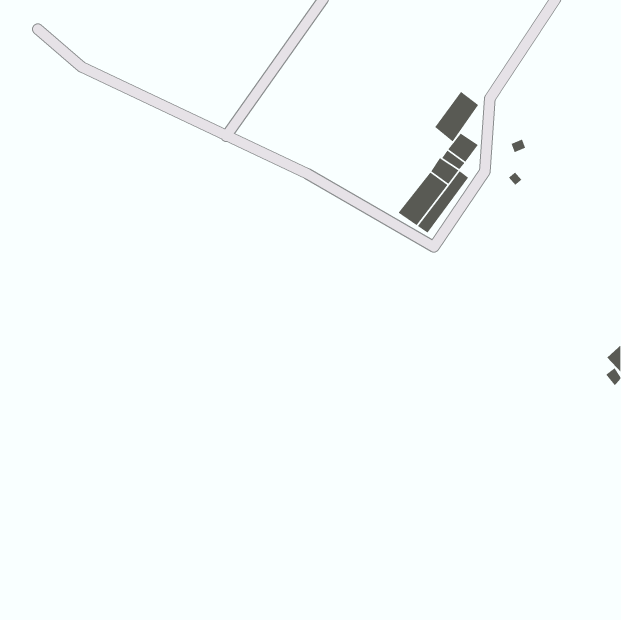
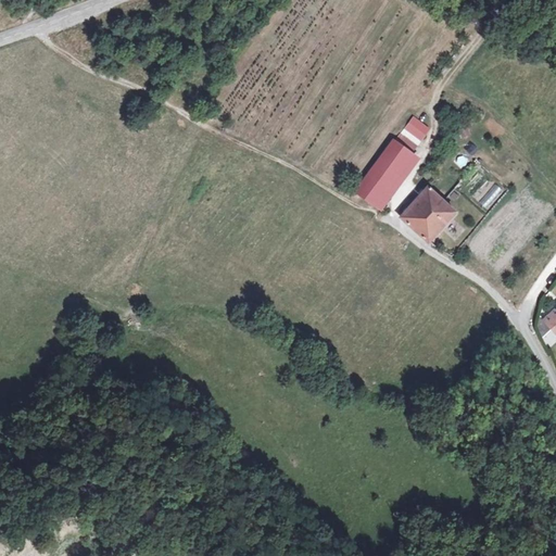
building: [434,91,479,142] -> none
building: none -> [400,186,453,241]

